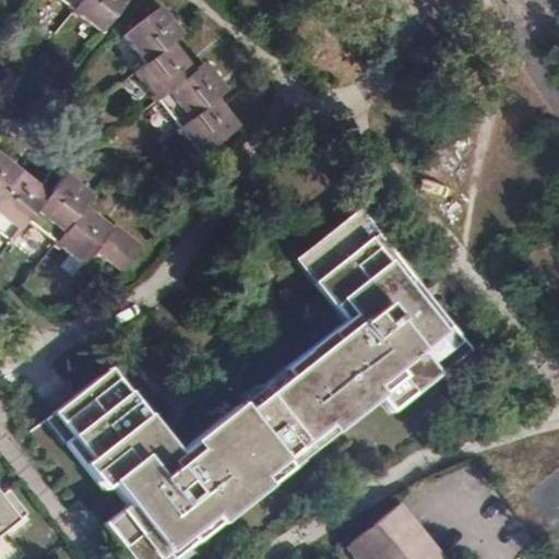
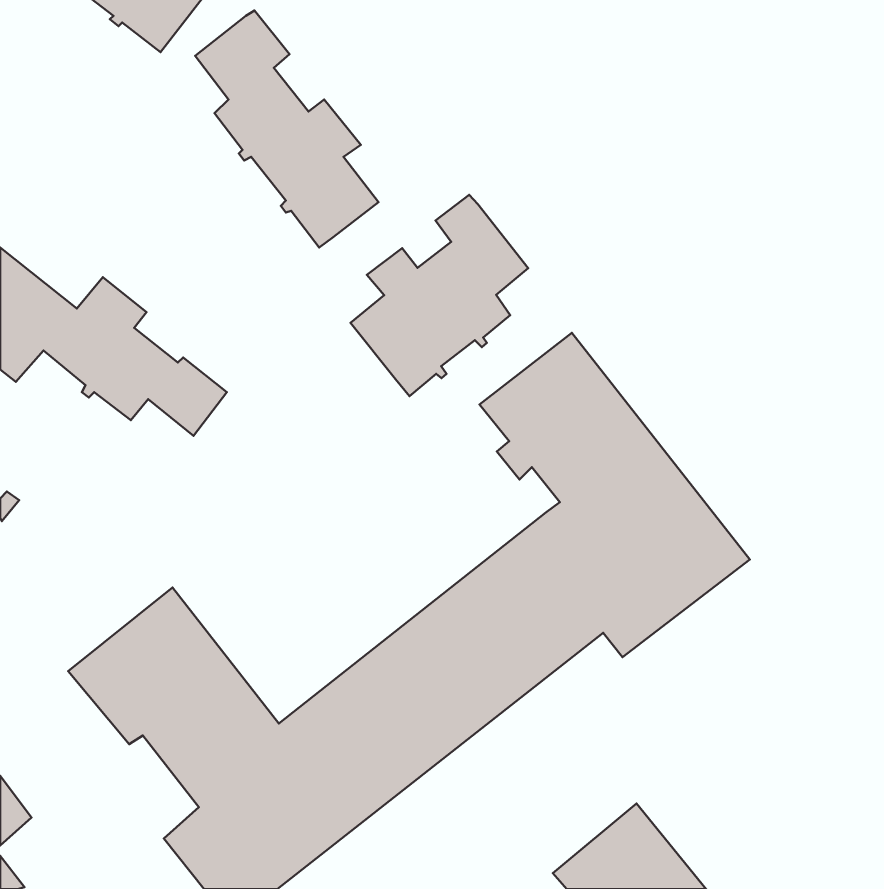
building: none -> [351,195,528,396]

